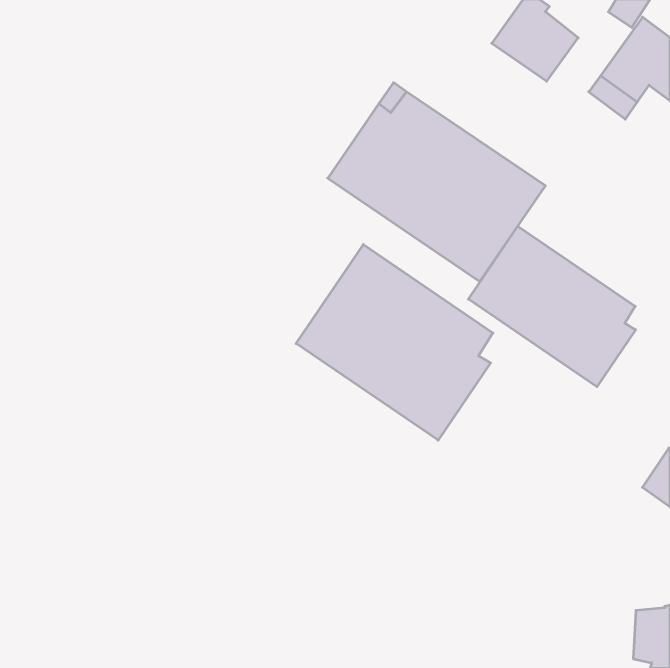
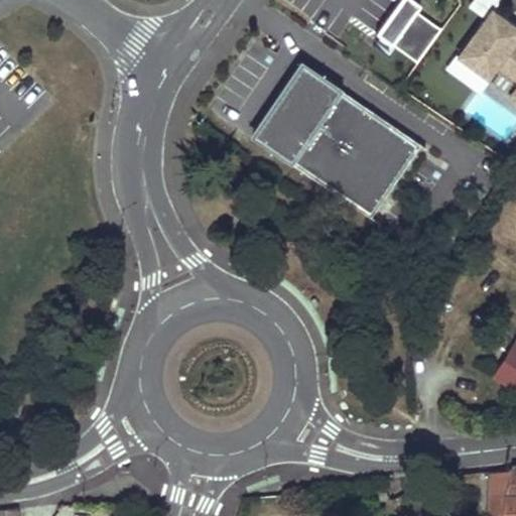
building: [468,226,636,387] -> none
building: [296,244,493,440] -> none

